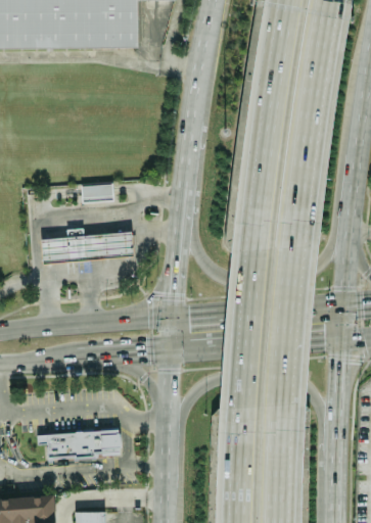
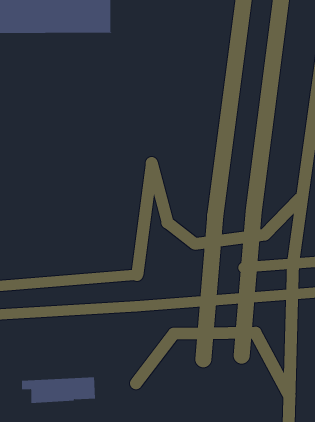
building: [82,184,114,202] -> none
building: [42,233,134,262] -> none

